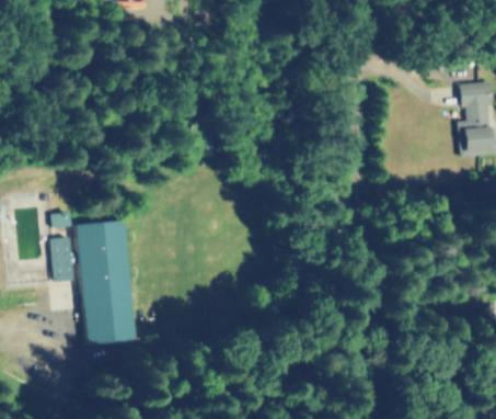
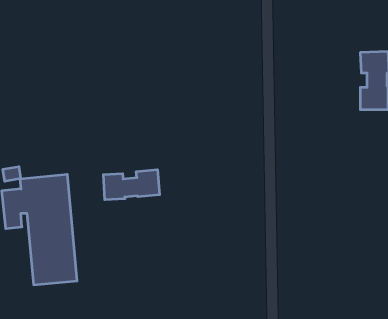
building: none -> [103,170,160,200]

